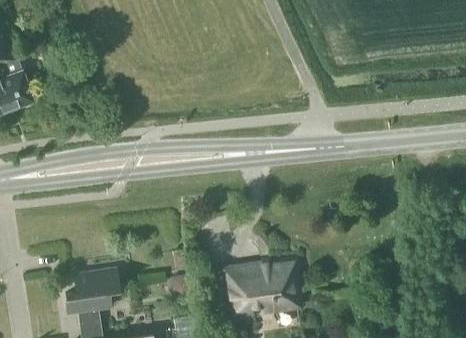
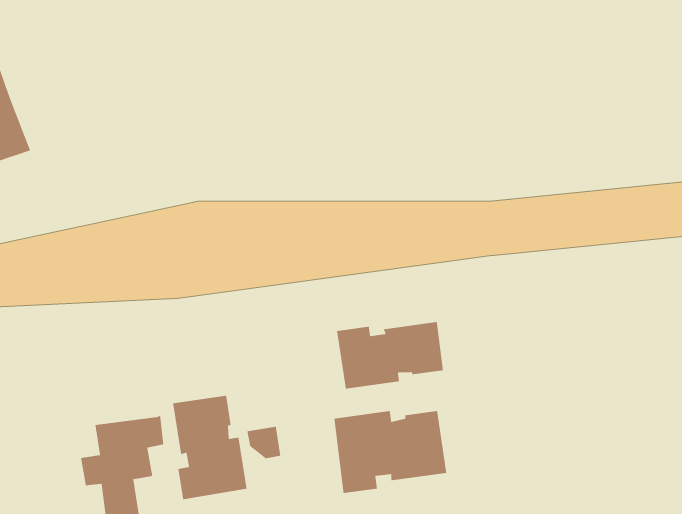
building: none -> [336,321,444,390]
building: none -> [172,395,247,500]

